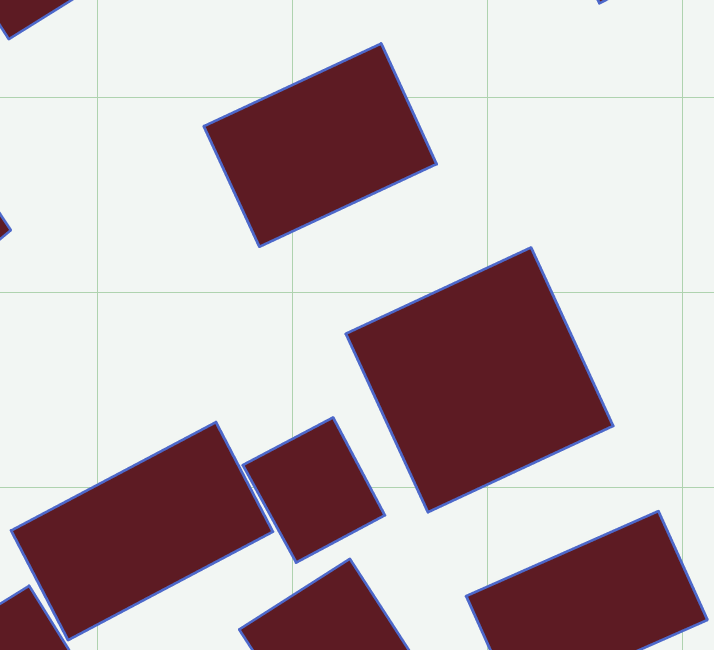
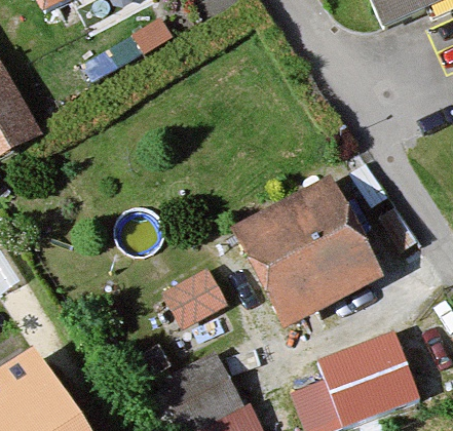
building: [204,43,437,247] -> none
building: [11,422,273,640] -> none

